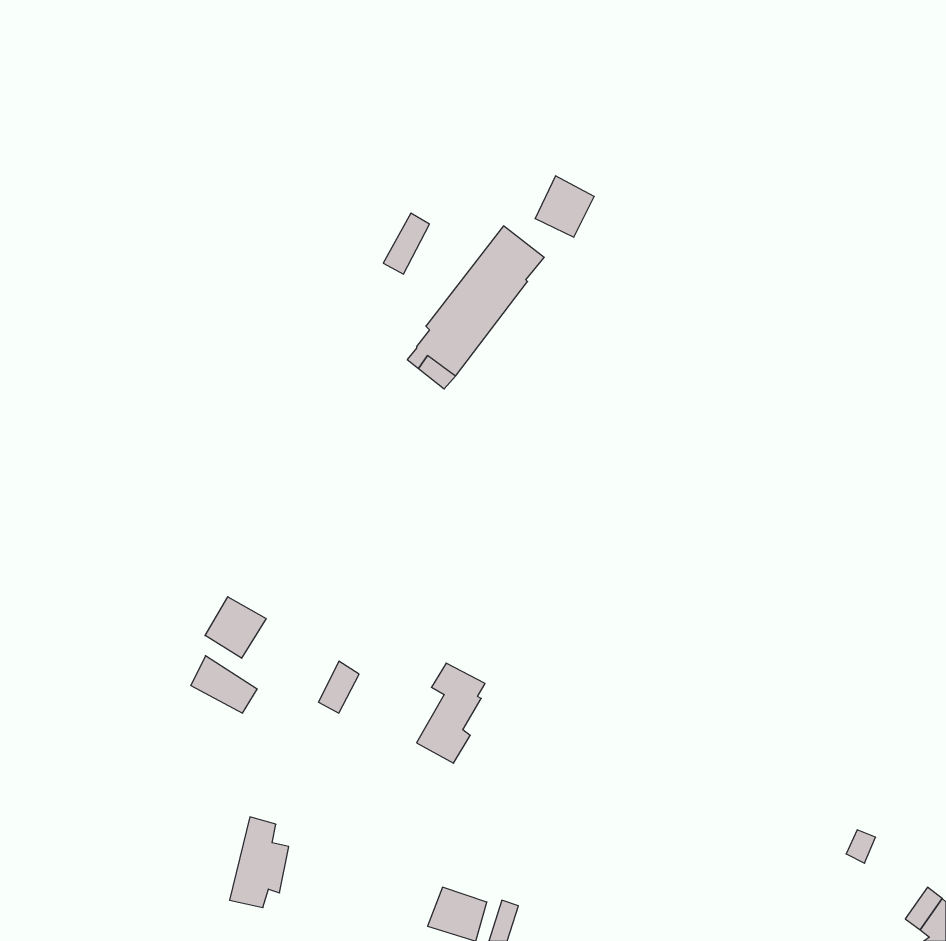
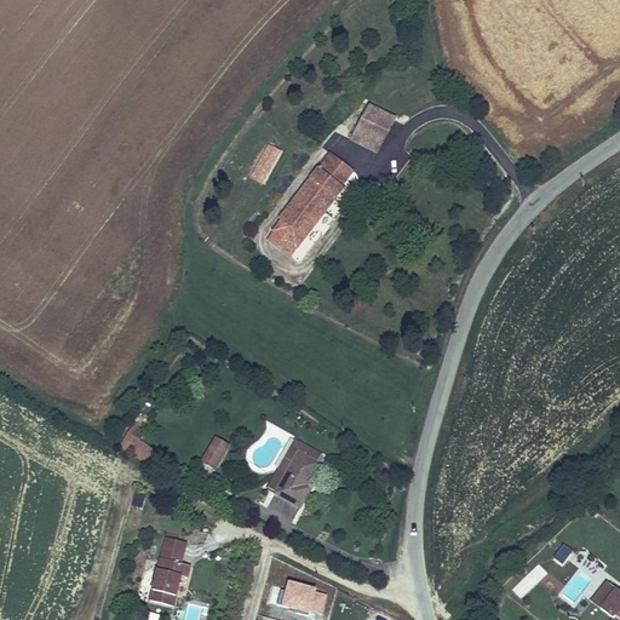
building: [205,597,266,658] -> none

